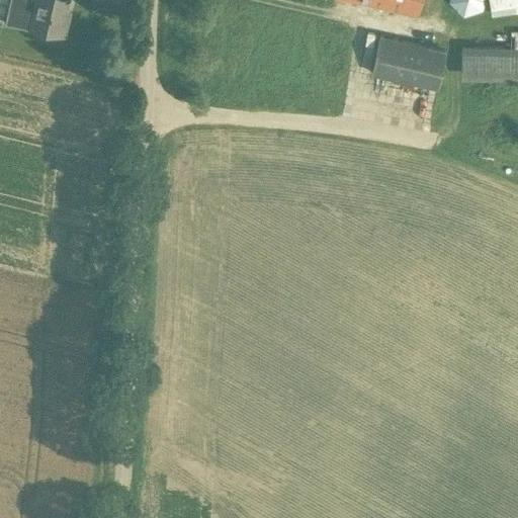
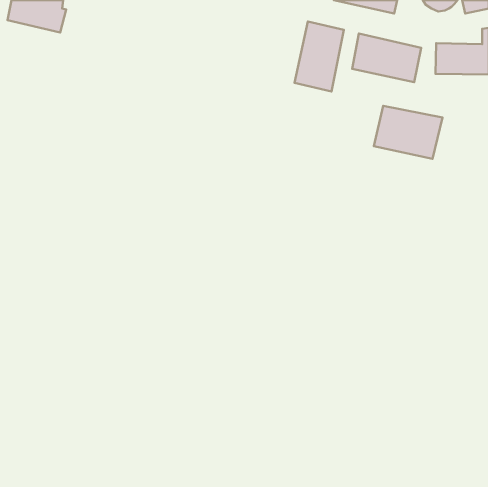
building: none -> [294,21,344,92]
building: none -> [374,106,442,159]

